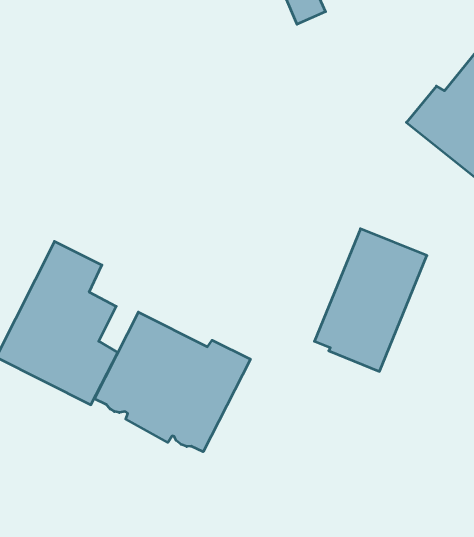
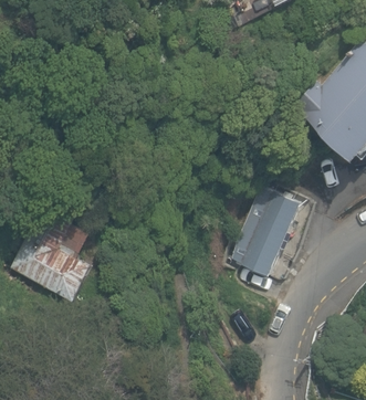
building: [94,312,250,452] -> none

